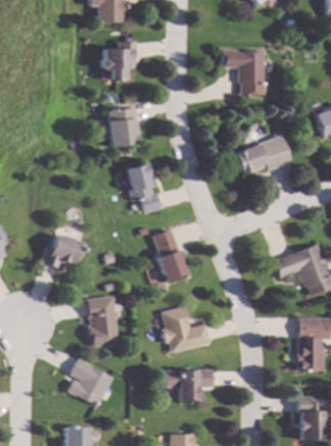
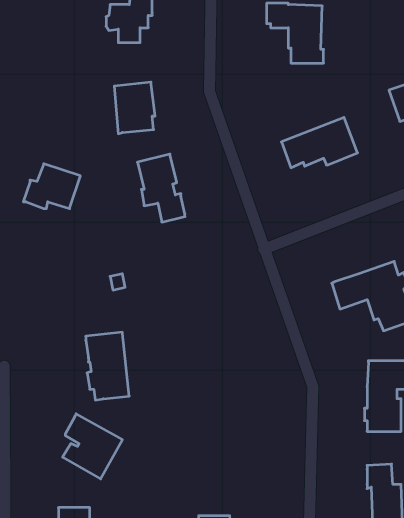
building: [153,230,188,283] -> none
building: [42,234,85,267] -> [23,164,80,209]
building: [161,306,210,352] -> none
building: [179,369,214,399] -> none

